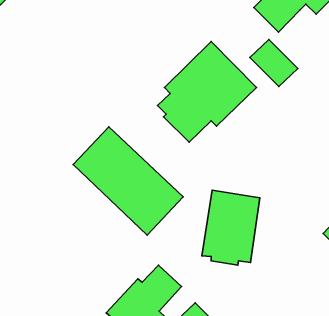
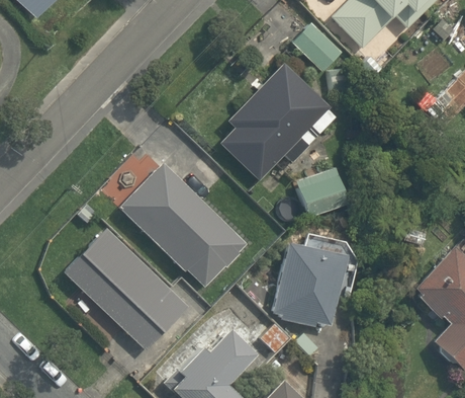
building: [250,40,298,87] -> [288,17,345,73]
building: none -> [298,169,347,215]
building: none -> [64,227,189,346]

